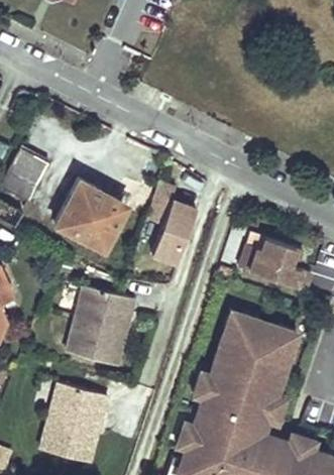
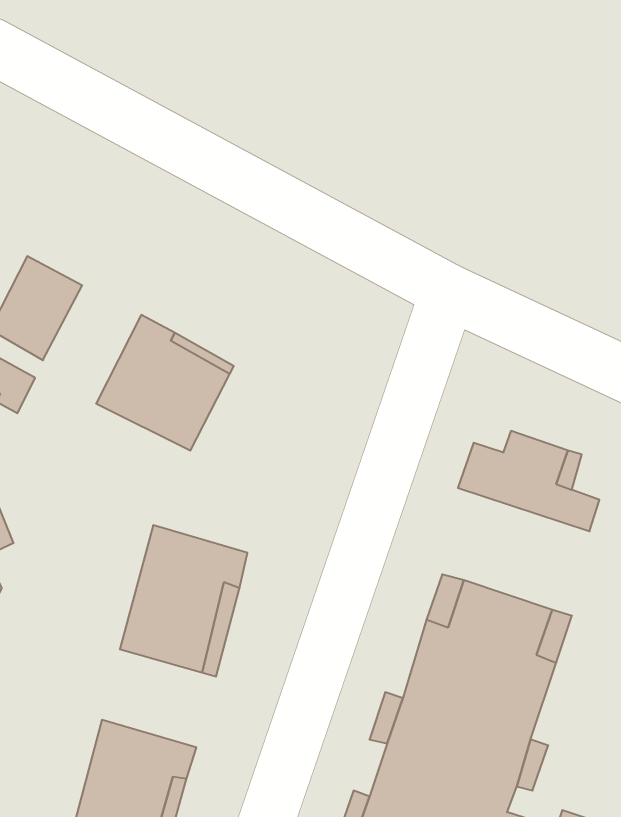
building: [145,181,195,262] -> none

